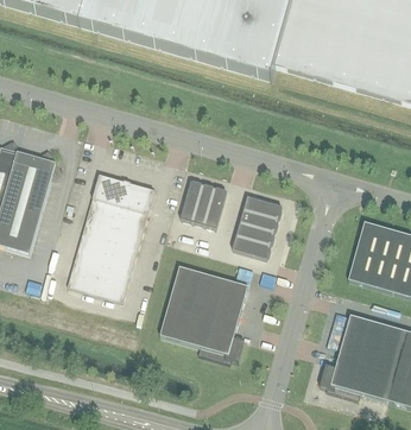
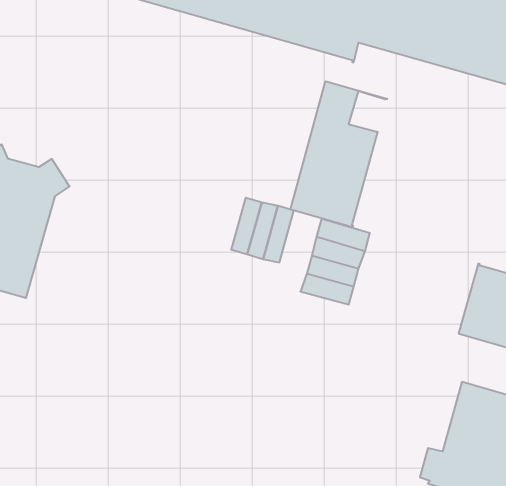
building: none -> [291,81,387,227]
building: [68,173,154,301] -> none
building: [160,265,248,361] -> none

